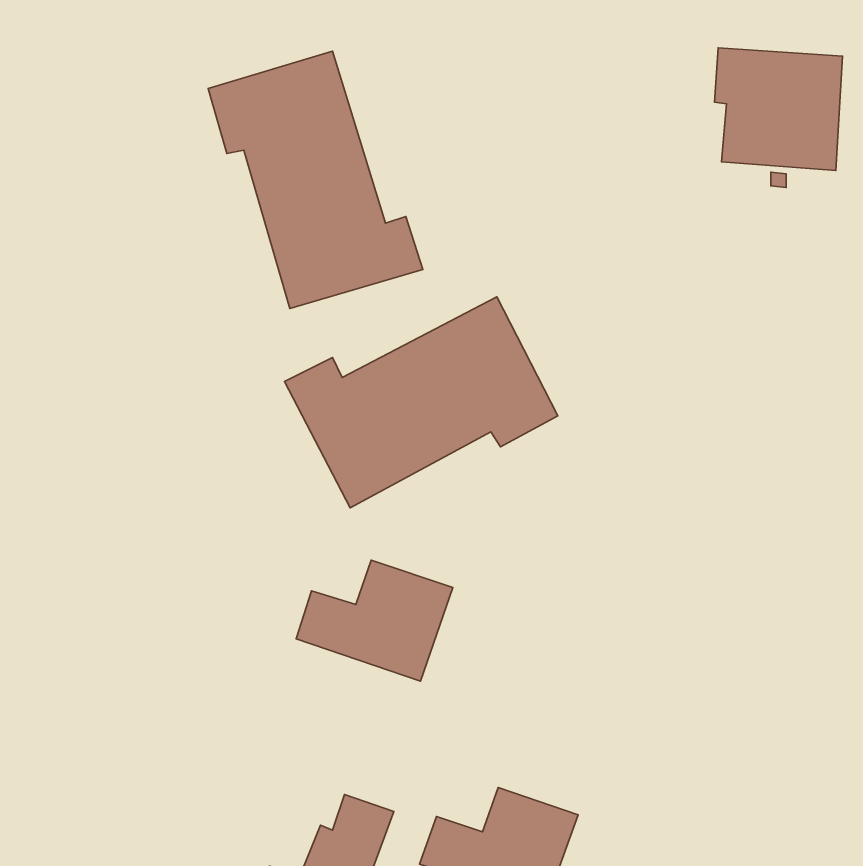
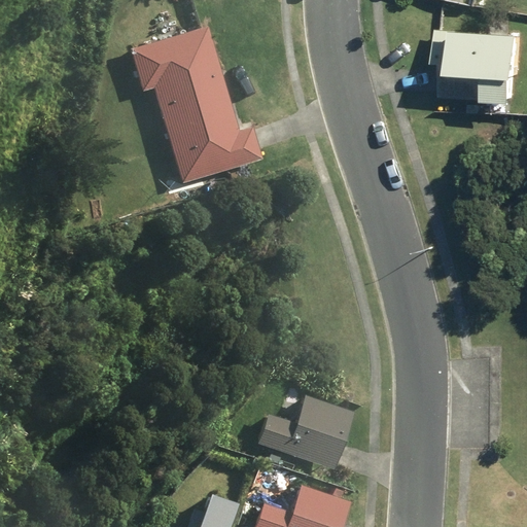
building: [285,297,558,508] -> none
building: [296,560,453,681] -> [264,390,358,463]

